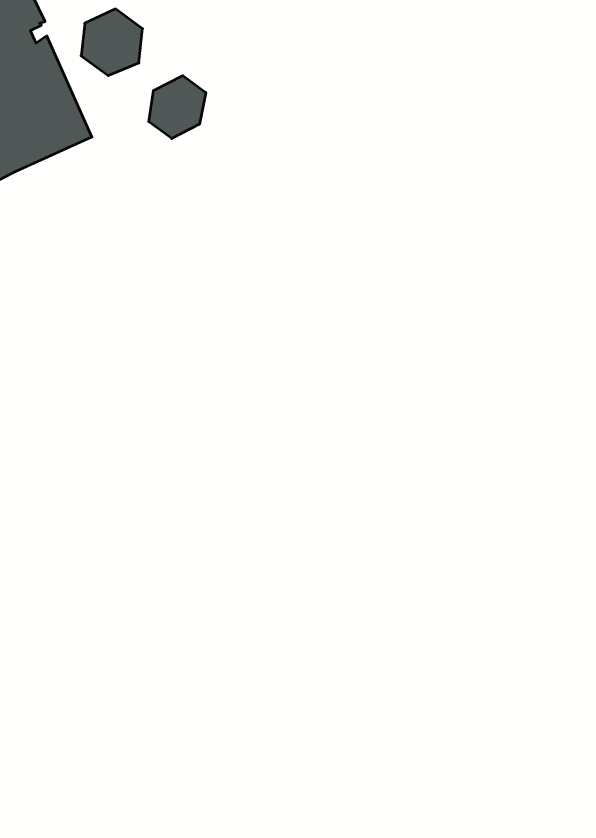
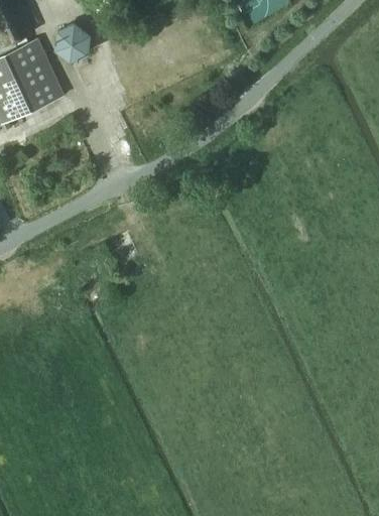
building: [149,76,206,139] -> none

